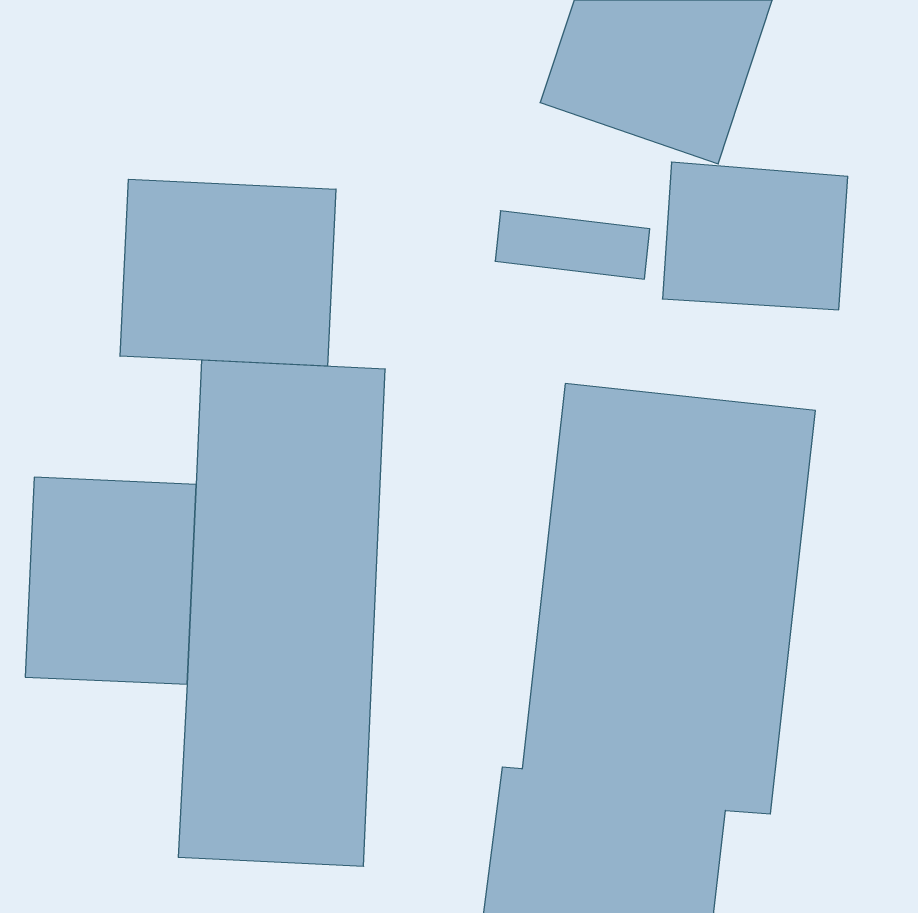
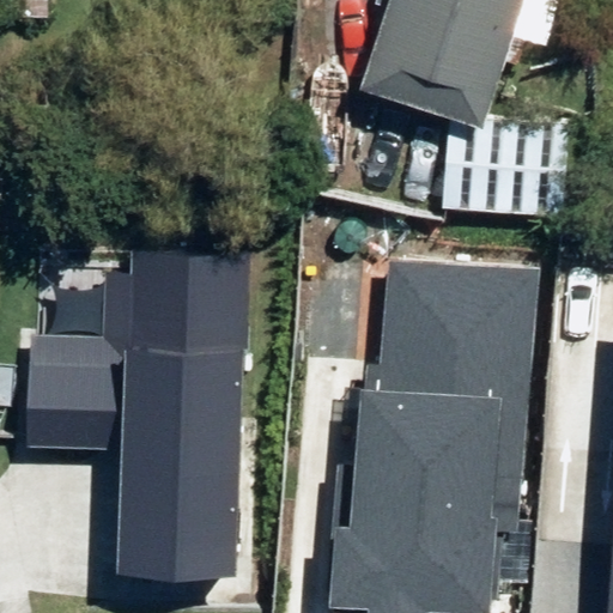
building: [120,179,336,366] -> none

